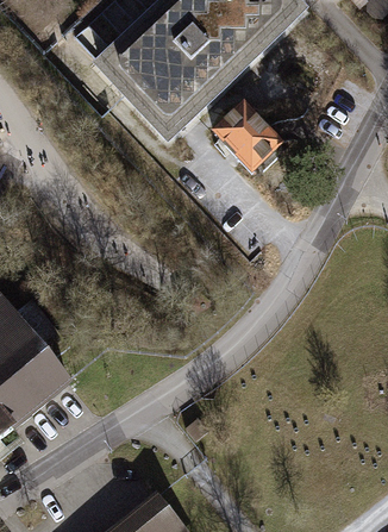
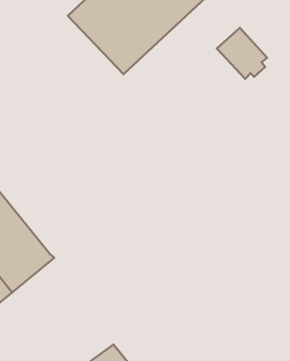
building: [211,101,276,168] -> [217,28,267,79]

